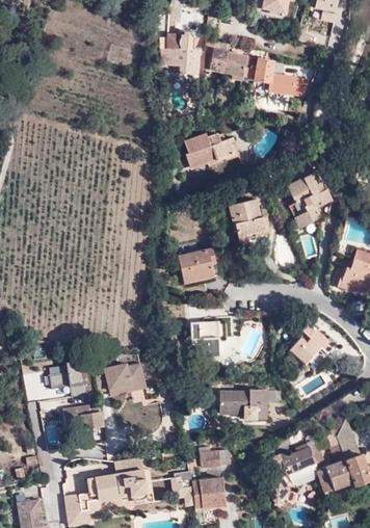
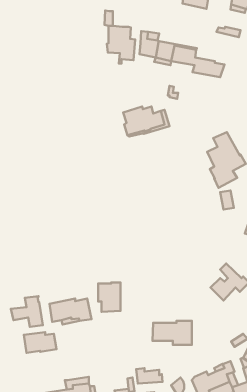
building: [229,200,271,244] -> none
building: [179,248,219,284] -> none
building: [192,322,219,358] -> [98,283,120,312]

